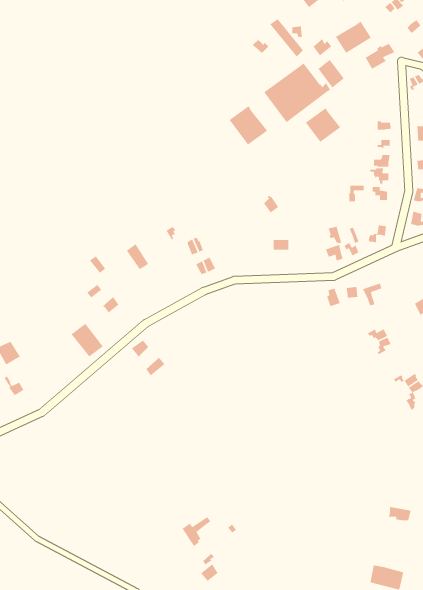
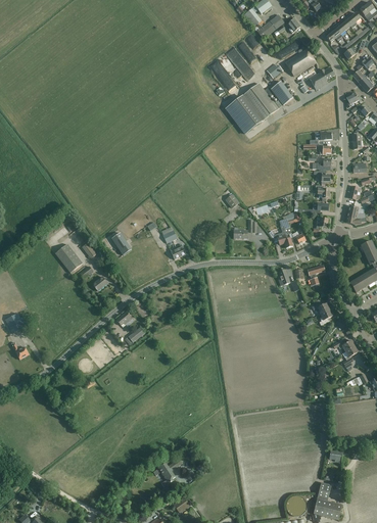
building: [229,105,268,145] -> none
building: [305,107,341,143] -> none
building: [71,323,104,358] -> [54,243,82,272]

